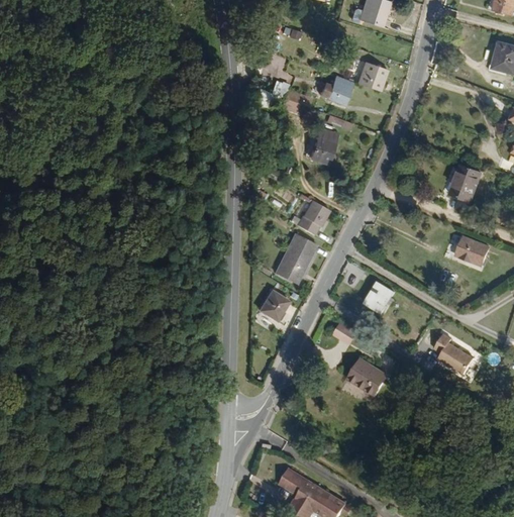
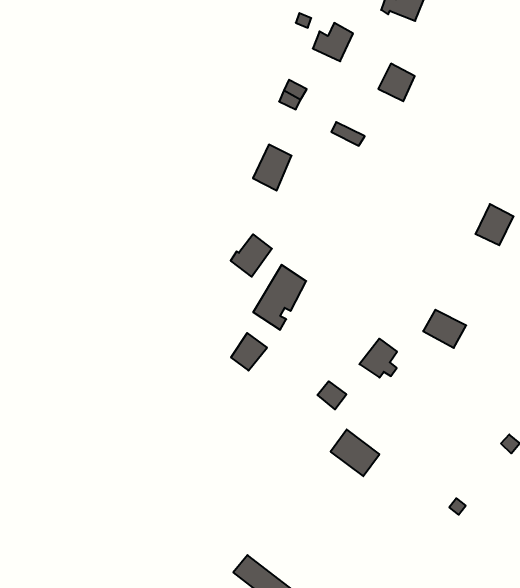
building: [321,74,352,104] -> [313,23,353,61]
building: [310,127,339,164] -> [253,145,292,191]
building: [295,200,327,234] -> [231,234,272,277]
building: [448,234,483,264] -> [423,310,466,348]
building: [432,331,473,372] -> none

